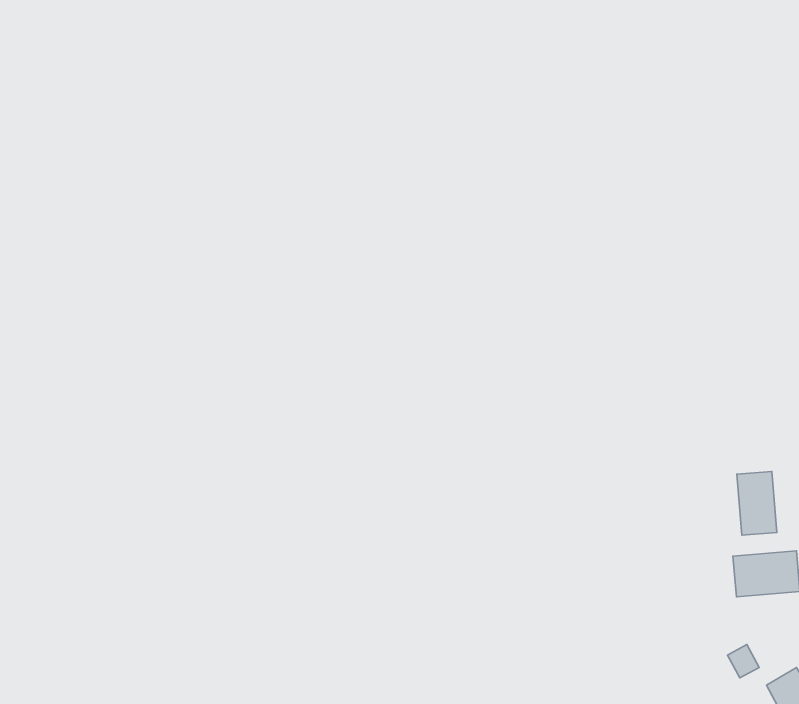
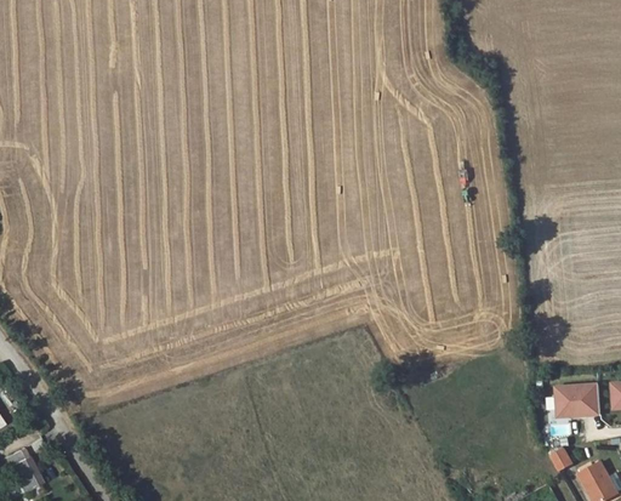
building: [737,471,777,535] -> none

